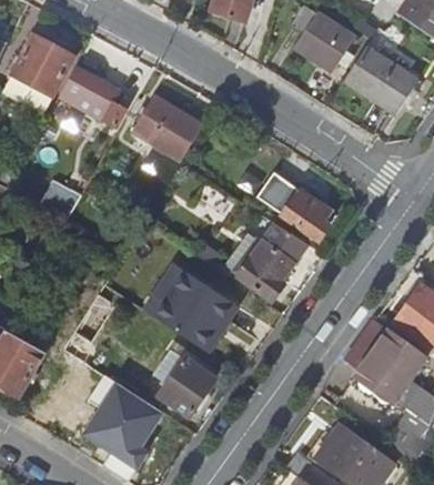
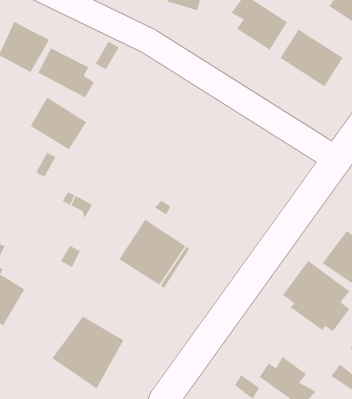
building: [133,98,201,161] -> [30,97,87,150]
building: [256,171,330,239] -> none
building: [225,221,304,303] -> none
building: [154,347,216,415] -> none

